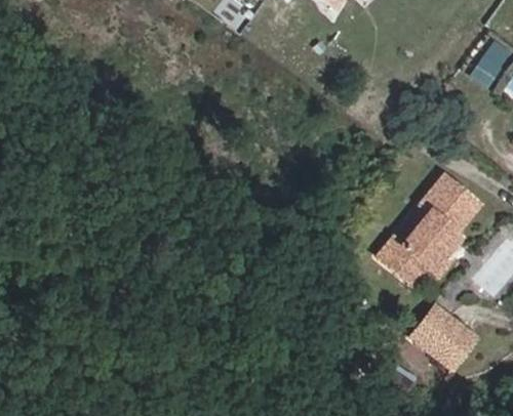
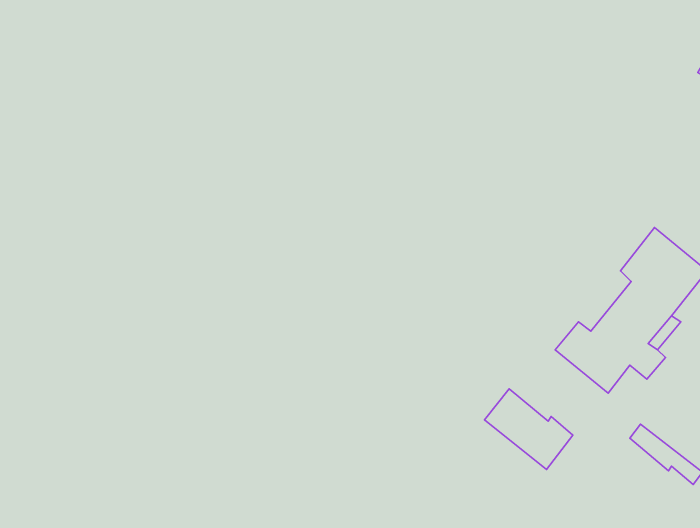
building: [409,316,468,369] -> [485,389,573,469]

